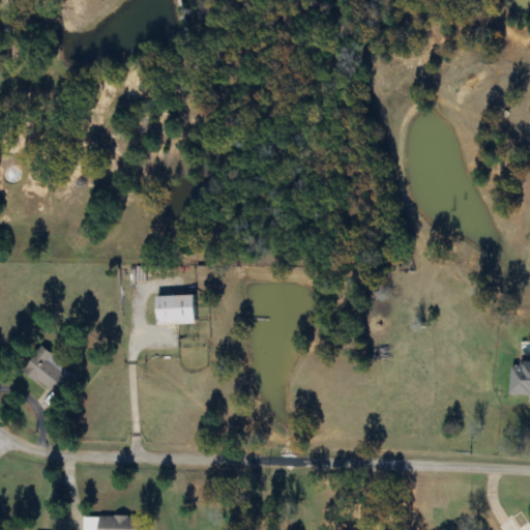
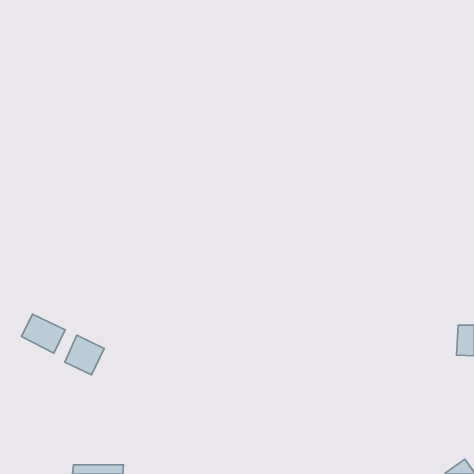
building: [155,295,195,324] -> none
building: none -> [65,335,104,375]

